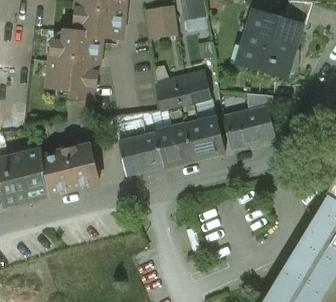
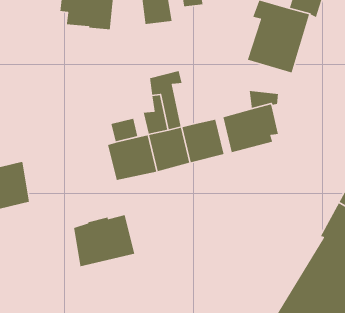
building: [47,31,100,99] -> none
building: [176,71,209,126] -> none
building: [41,146,97,194] -> [73,214,135,267]

